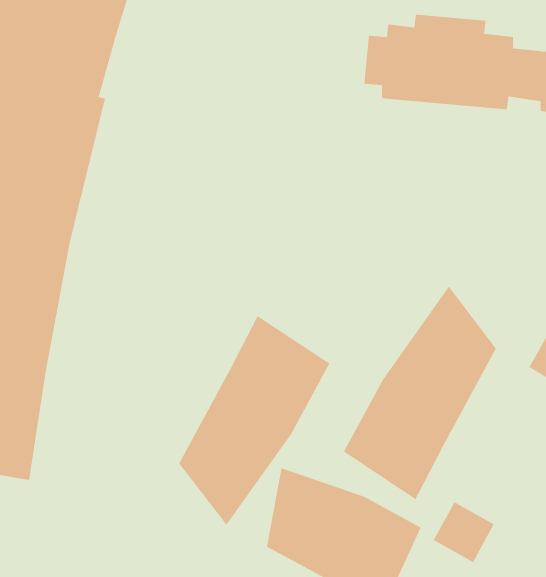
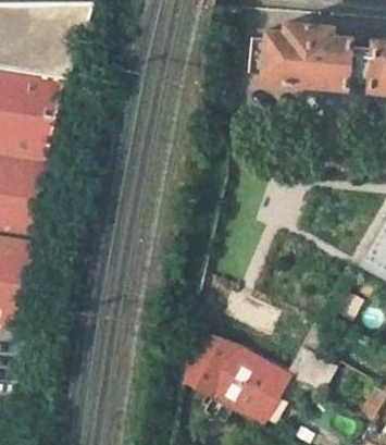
building: [343,286,496,500] -> none
building: [178,315,330,525] -> none

